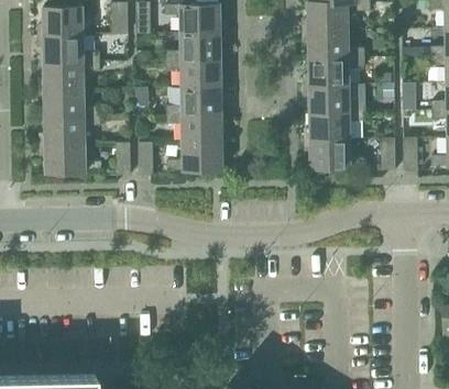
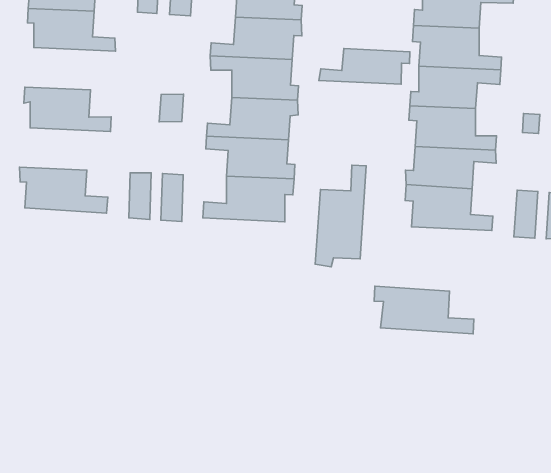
building: none -> [319,49,410,84]
building: [39,63,100,91] -> none
building: [40,118,101,146] -> none
building: none -> [315,165,366,267]
building: none -> [374,286,474,334]

